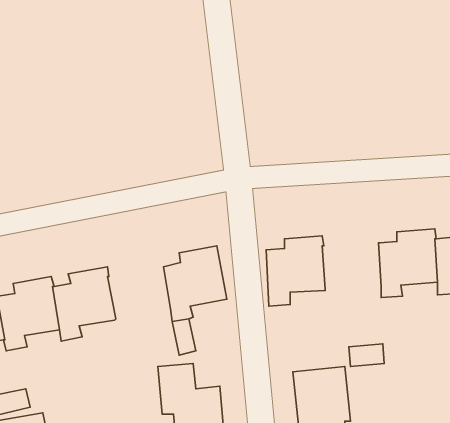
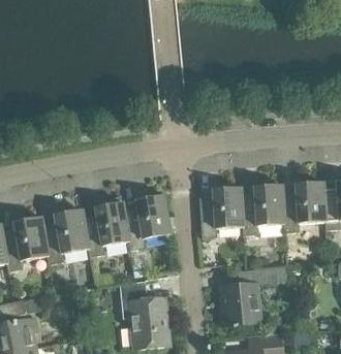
building: none -> [241,185,284,235]
building: none -> [83,202,129,257]

